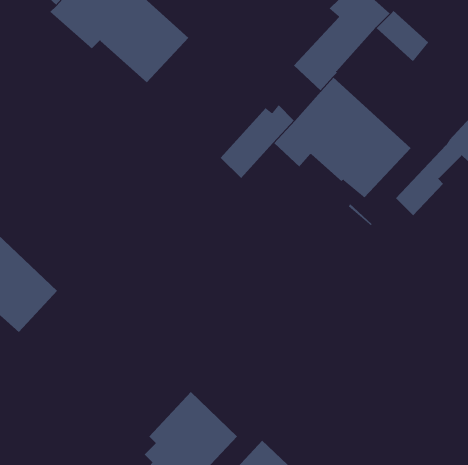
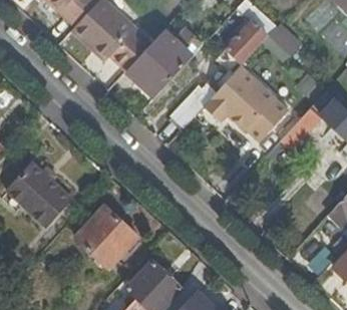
building: none -> [126,30,193,97]
building: none -> [77,206,138,266]

